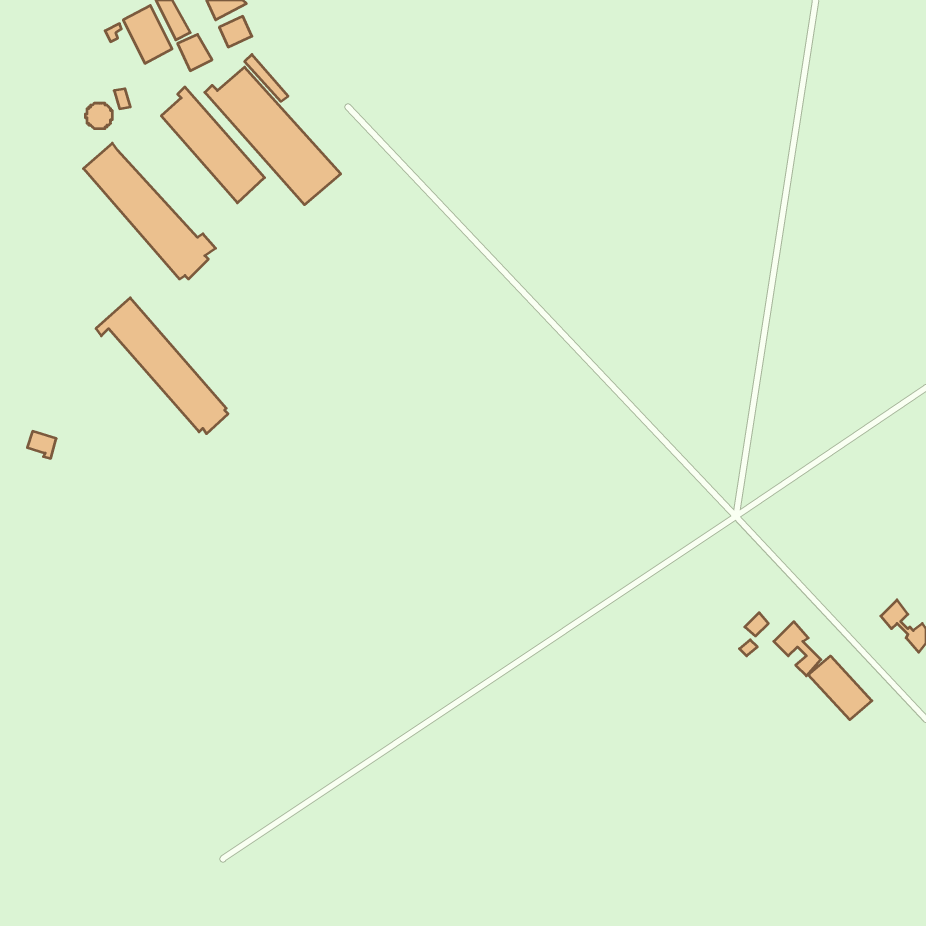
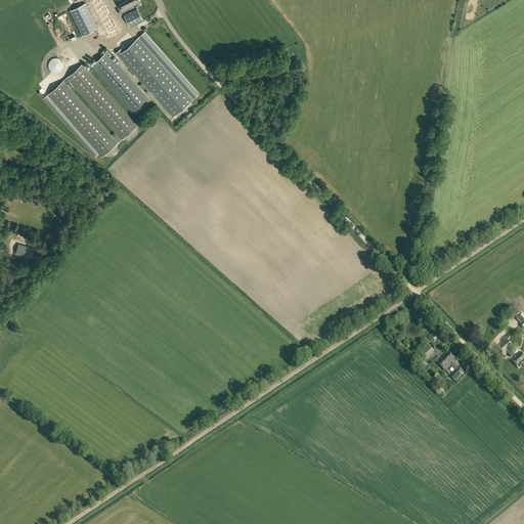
building: [96,298,228,434] -> [63,63,138,140]
building: [808,656,872,720] -> none

